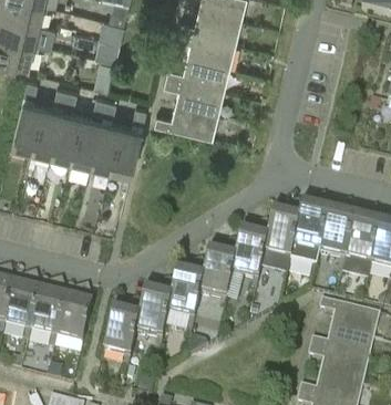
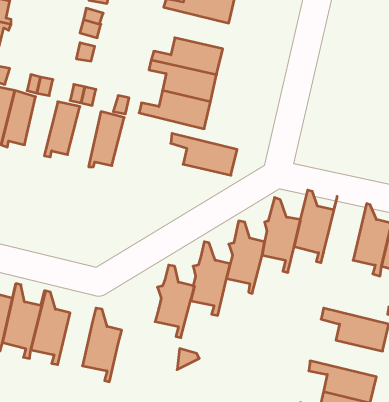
building: [175,27,235,64] -> [171,133,237,175]
building: [51,107,81,160] -> none
building: [90,116,120,170] -> none
building: [320,198,359,263] -> none
building: [135,278,172,343] -> none
building: [308,326,373,360] -> none

